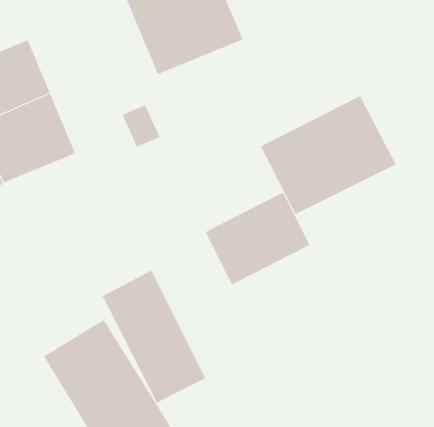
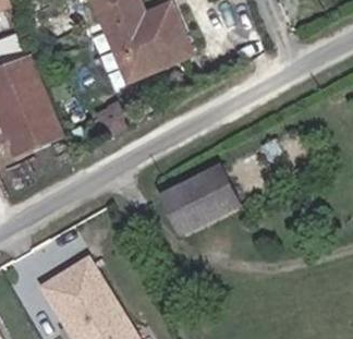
building: [260,95,397,215] -> none
building: [102,270,206,404] -> none

